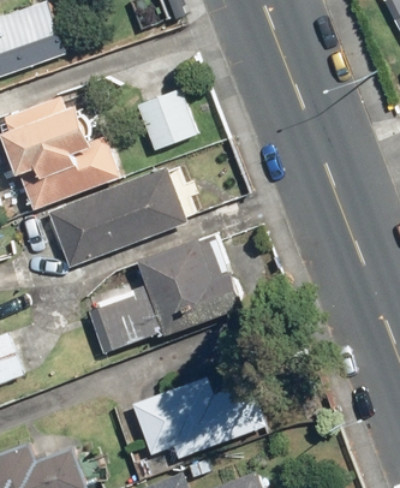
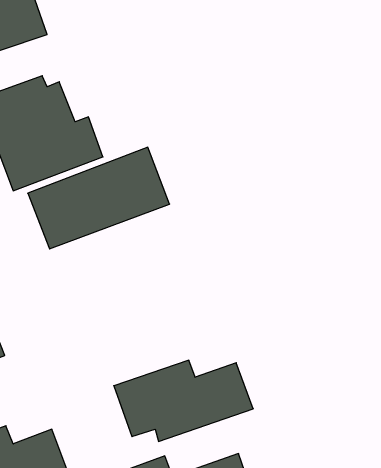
building: [138,89,198,151] -> none
building: [85,234,245,355] -> none

